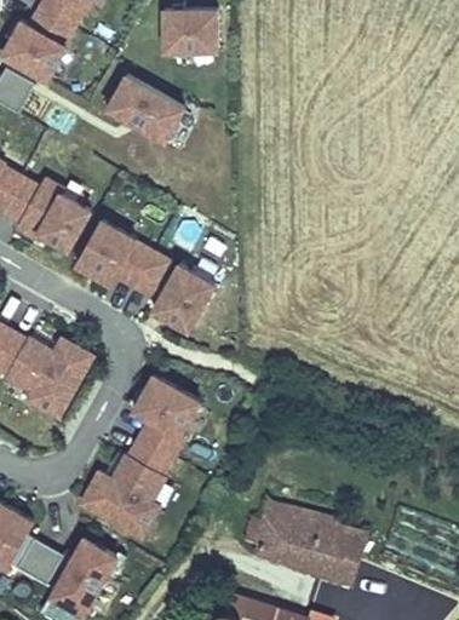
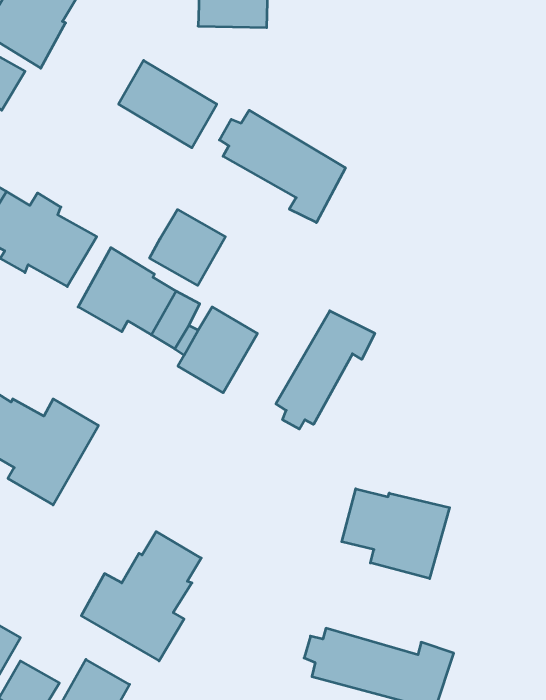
building: none -> [219,110,345,223]
building: none -> [150,210,225,285]
building: none -> [276,311,375,429]
building: [131,375,197,460] -> none
building: none -> [342,489,450,579]

